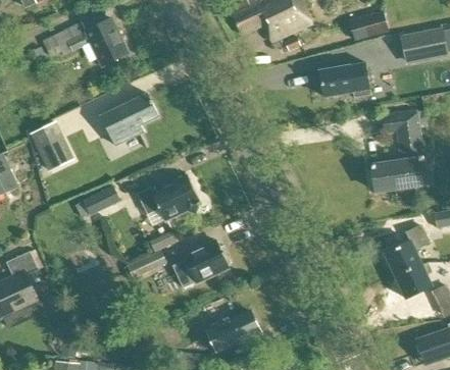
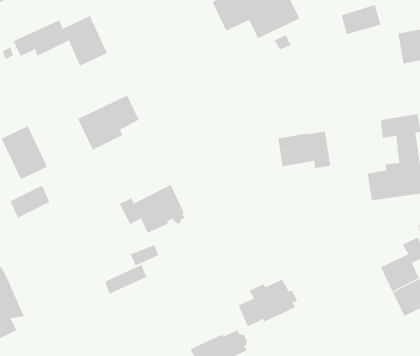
building: [320,62,370,98] -> [277,131,331,169]
building: [83,183,120,215] -> [10,185,50,219]
building: [174,242,231,286] -> [238,279,298,327]

